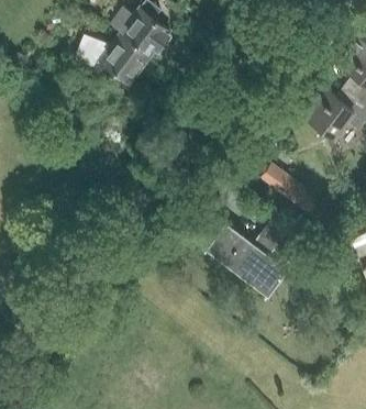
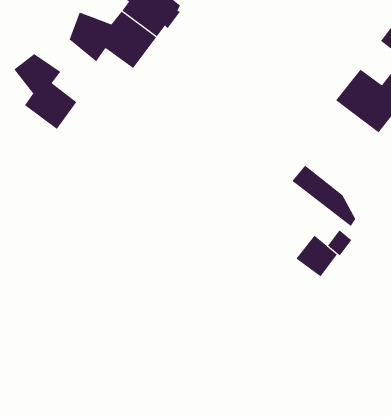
building: none -> [13,53,77,130]
building: [204,224,287,298] -> none

